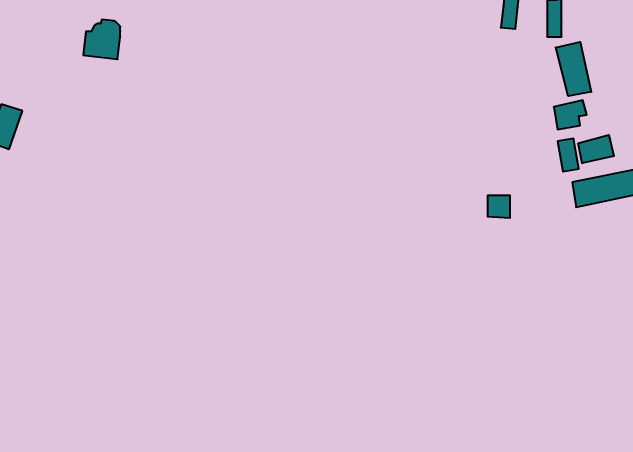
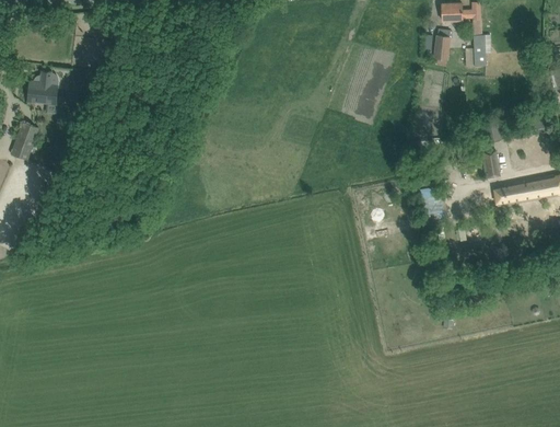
building: [83,20,120,59] -> [27,71,58,104]
building: [556,42,591,96] -> none
building: [578,135,614,163] -> none

